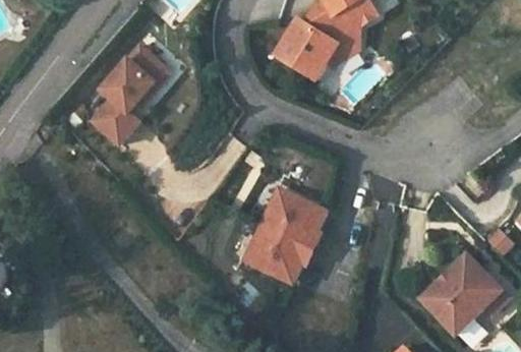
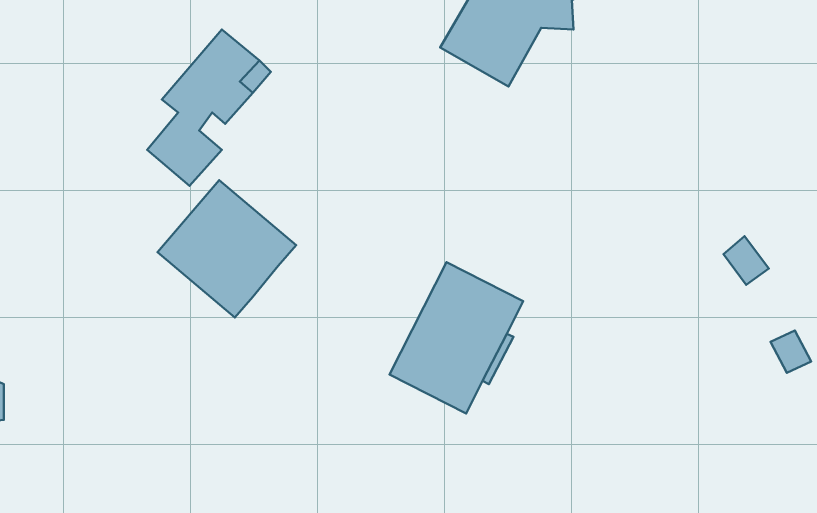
building: none -> [158,180,296,317]
building: [419,252,508,334] -> none

